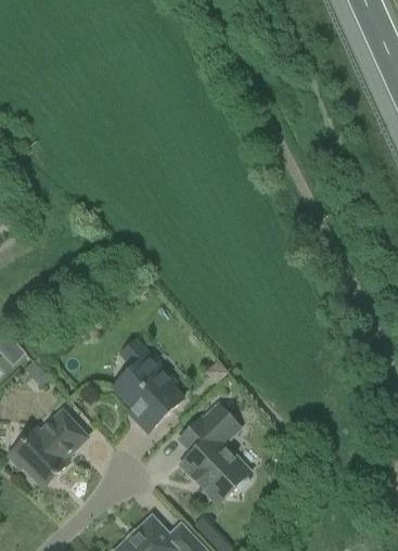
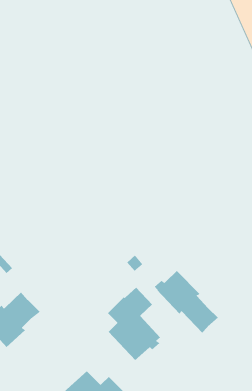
building: [112,339,182,432] -> none
building: none -> [154,270,219,334]

